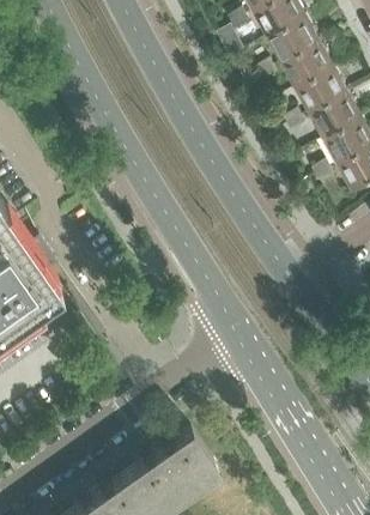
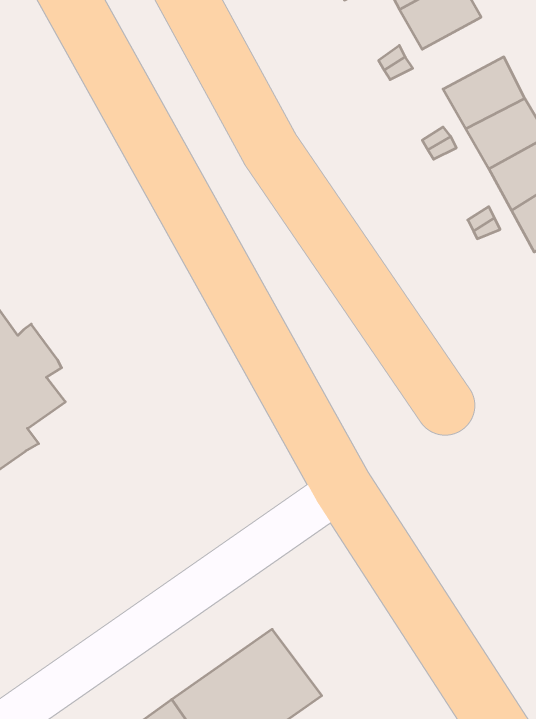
building: [283,43,334,89] -> none

